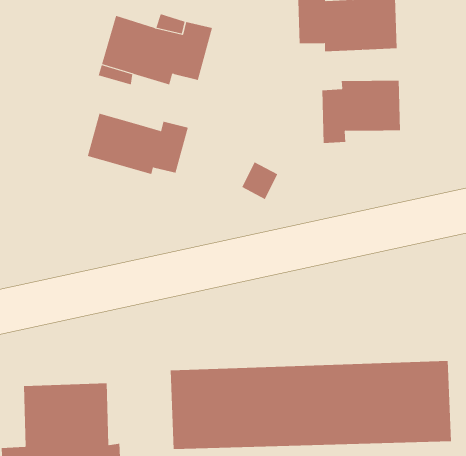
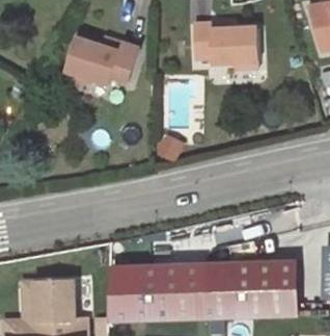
building: [322,80,401,144] -> none
building: [87,113,189,175] -> none

